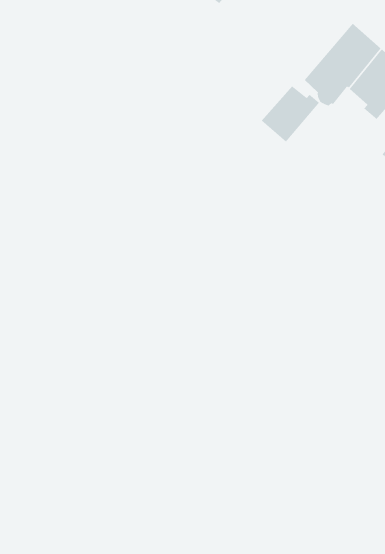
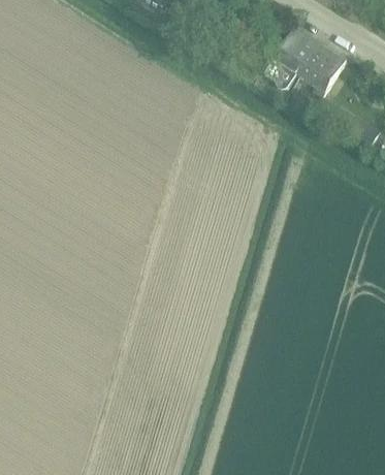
building: [261,85,320,142] -> none

